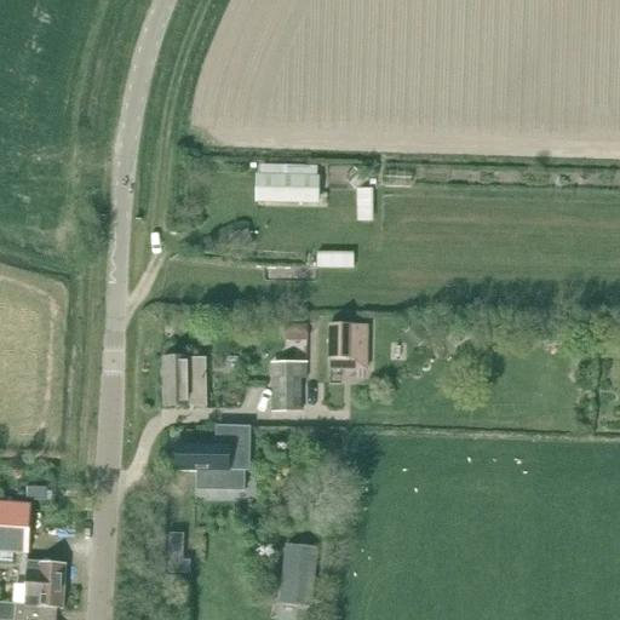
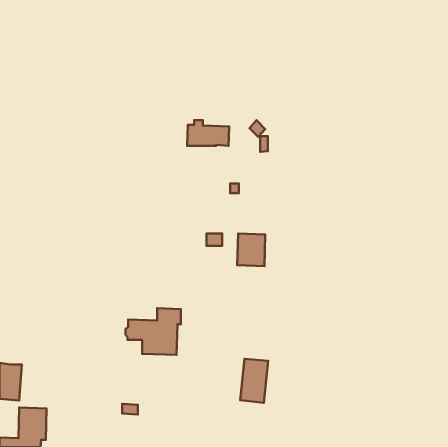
building: [162,356,206,404] -> none
building: [271,361,305,411] -> none
building: [279,545,317,605] -> [240,359,268,403]

